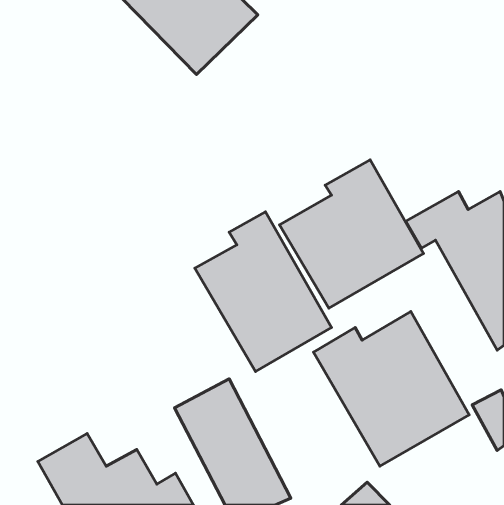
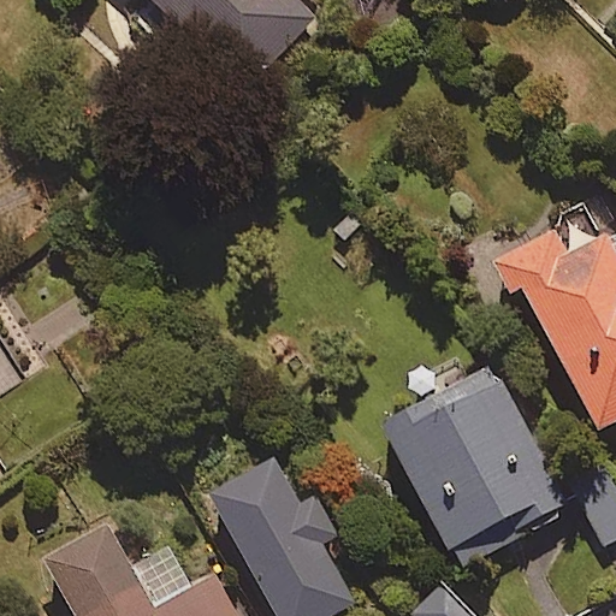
building: [279,160,424,308] -> none
building: [195,212,332,371] -> none

